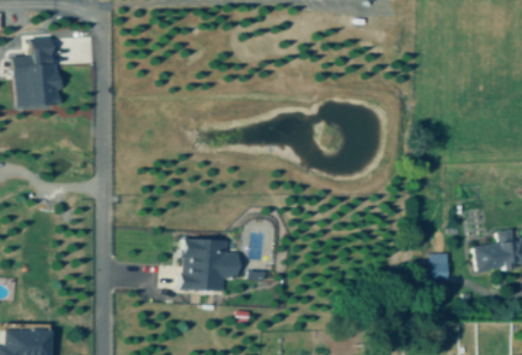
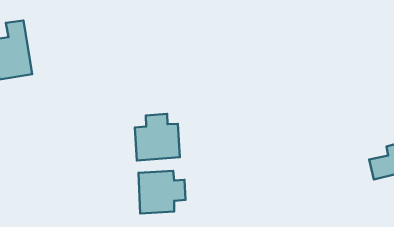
building: none -> [135,114,180,160]
building: [429,253,449,278] -> none

